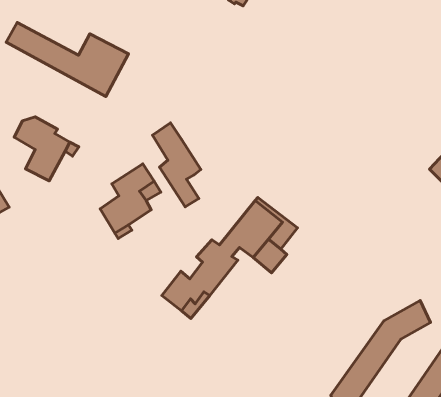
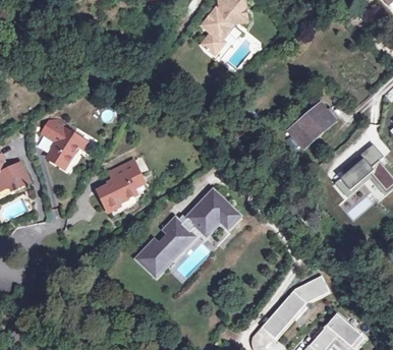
building: [6,23,129,97] -> none
building: none -> [290,106,332,145]
building: [153,123,201,207] -> none

